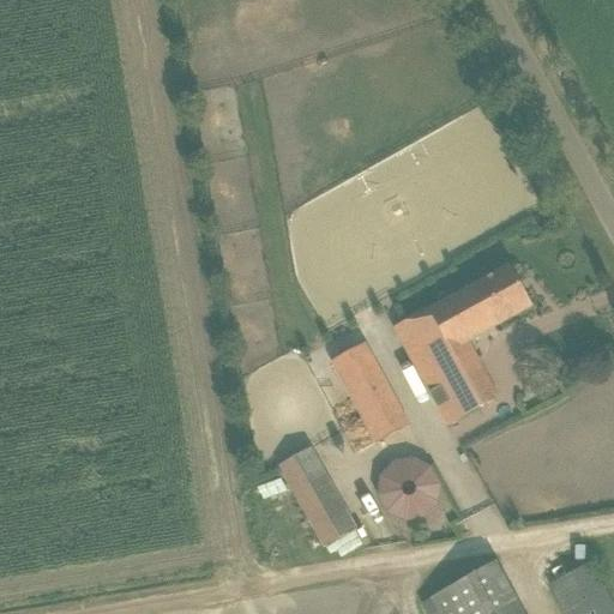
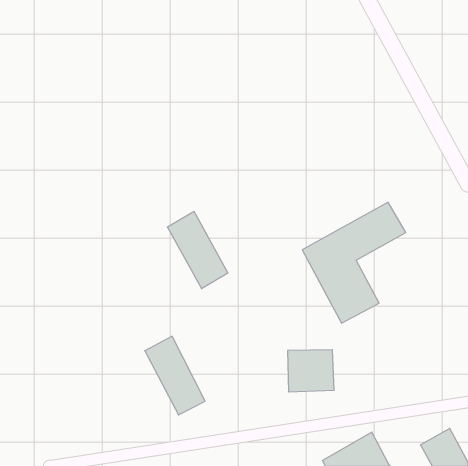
building: [331,342,410,443] -> [167,212,228,289]
building: [275,441,354,544] -> [145,336,205,415]

